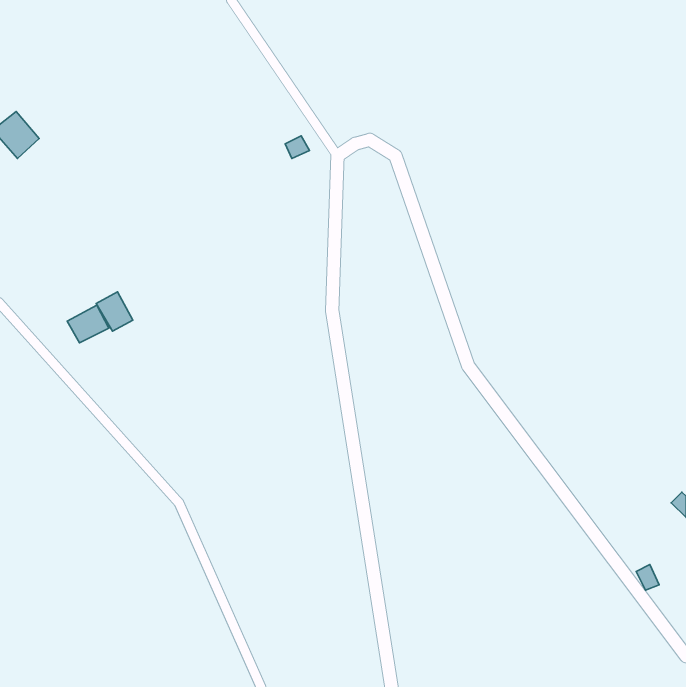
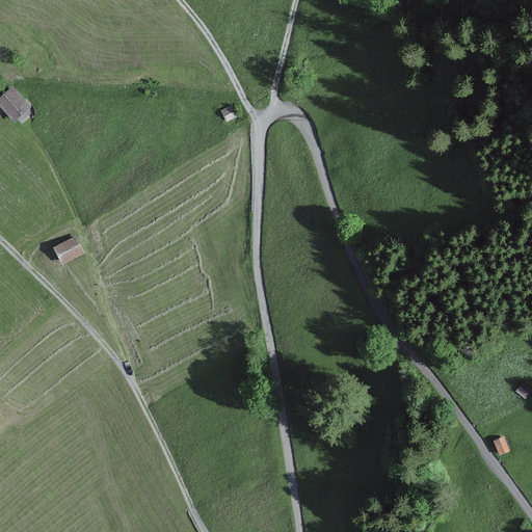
building: [96,292,133,331] -> none

